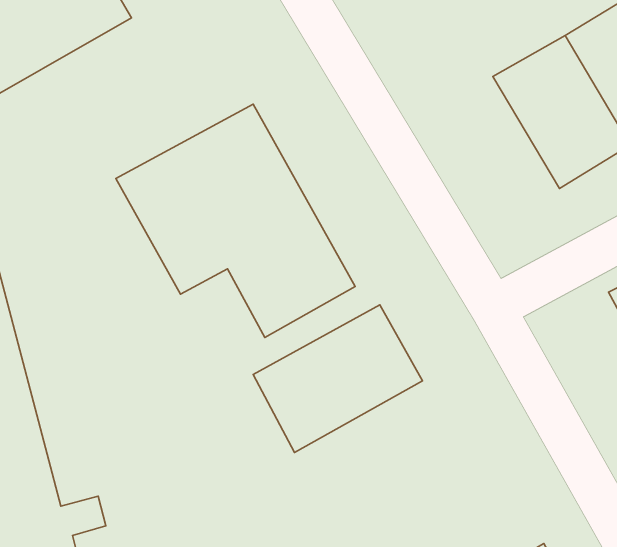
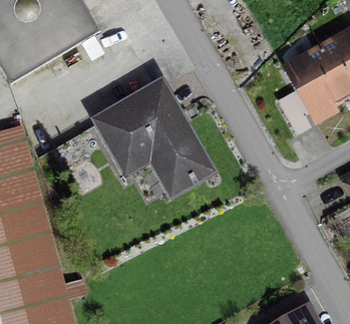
building: [253,305,422,452] -> none

